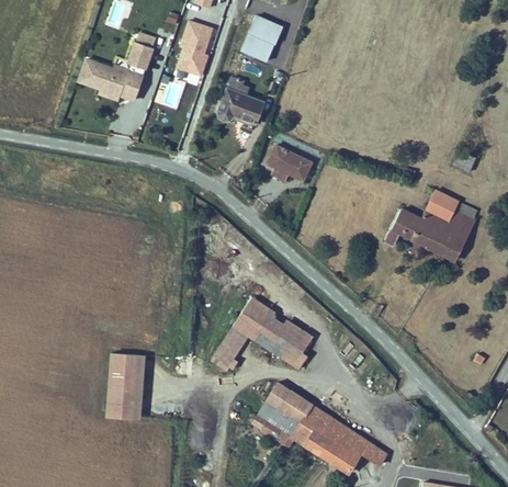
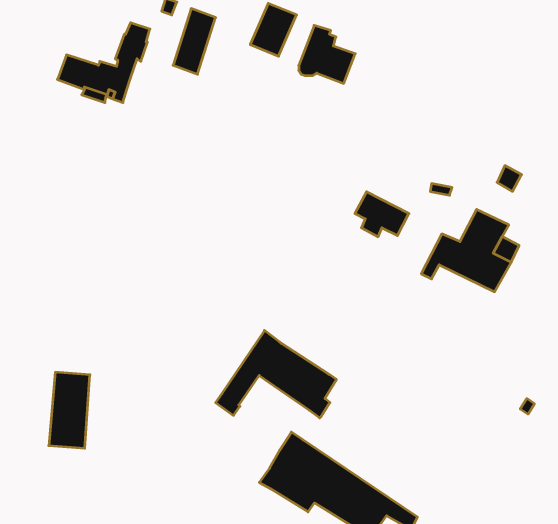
building: [218,77,267,126] -> [299,25,355,83]
building: [266,144,312,182] -> [355,192,409,237]
building: [109,353,144,418] -> [49,372,90,448]

